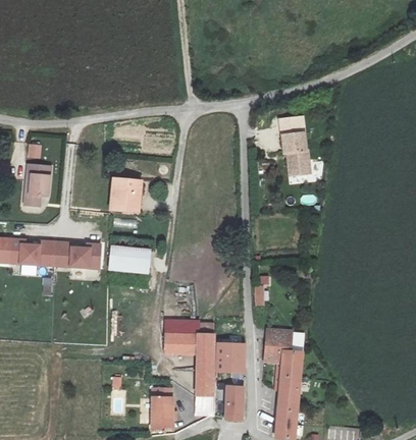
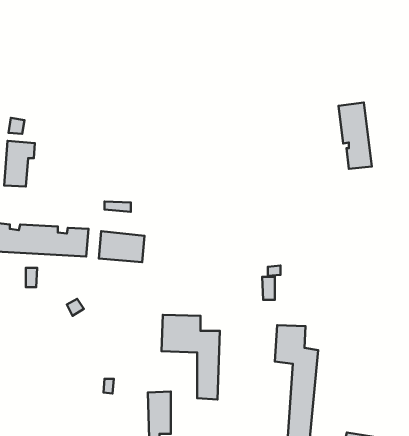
building: [280,116,310,175] -> [339,102,372,169]
building: [109,178,143,213] -> none
building: [216,343,244,372] -> none
building: [225,387,244,421] -> none

